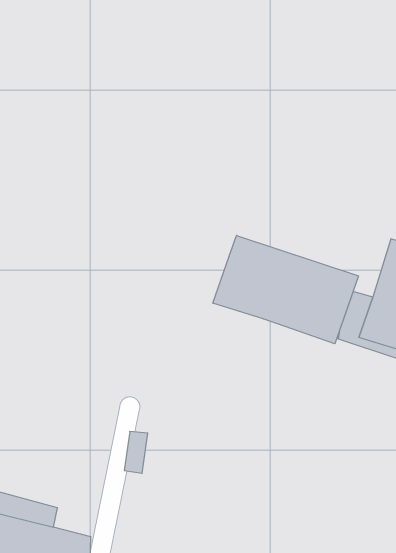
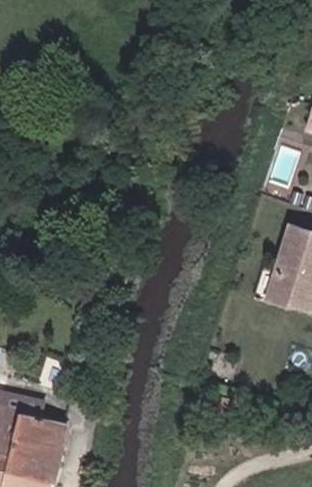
building: [213,235,358,344] -> none

